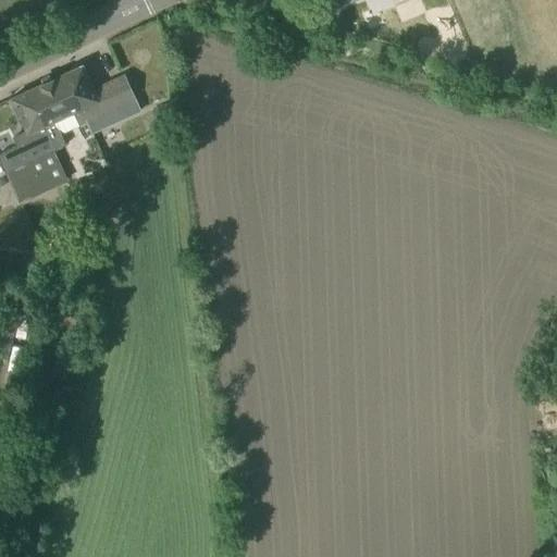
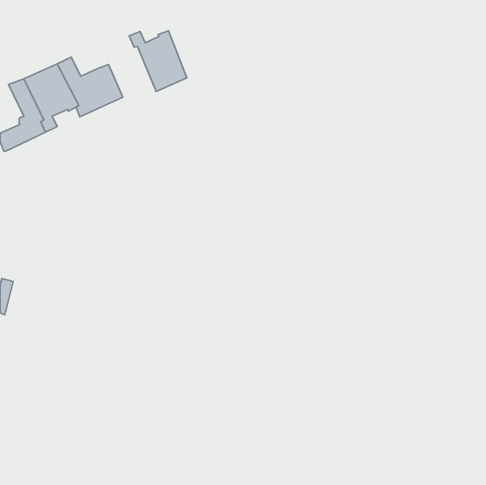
building: none -> [129,31,187,92]
building: [7,151,65,201] -> none

